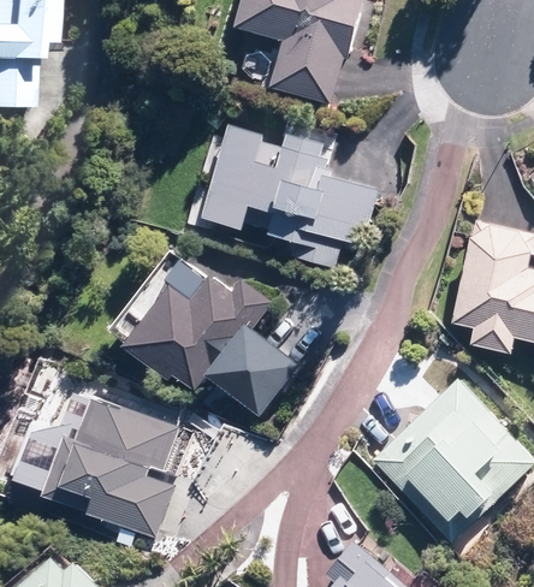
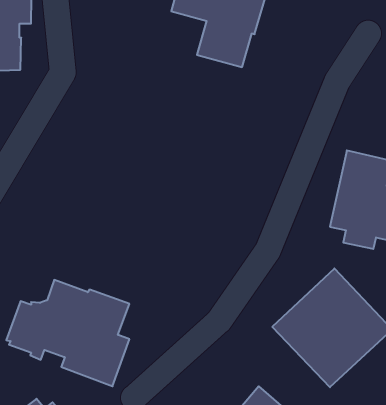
building: [202,126,378,269] -> none
building: [125,275,301,416] -> none

